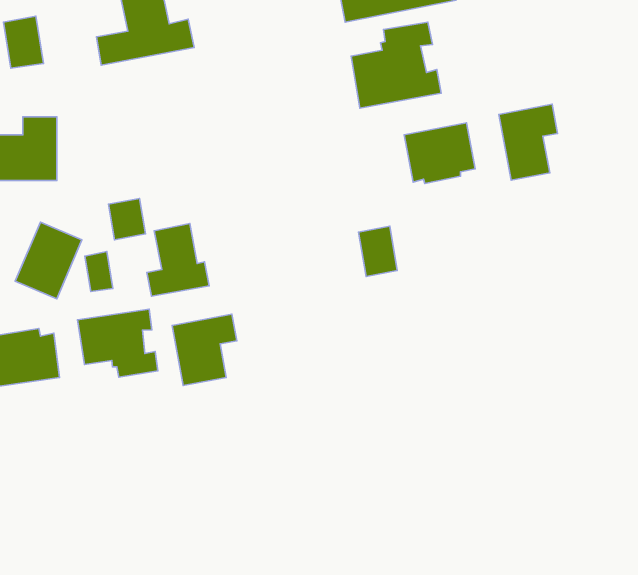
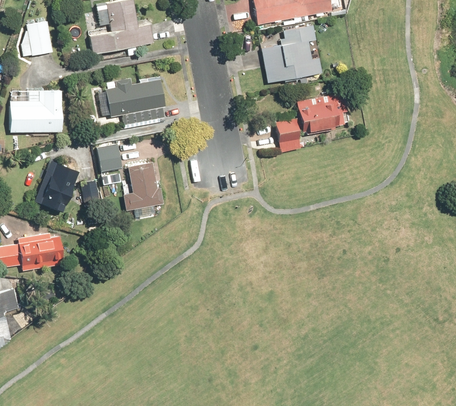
building: none -> [104,77,164,128]
building: [499,104,558,180] -> none
building: [359,226,397,276] -> [274,118,300,152]
building: [77,309,158,377] -> none
building: [172,314,237,385] -> none

